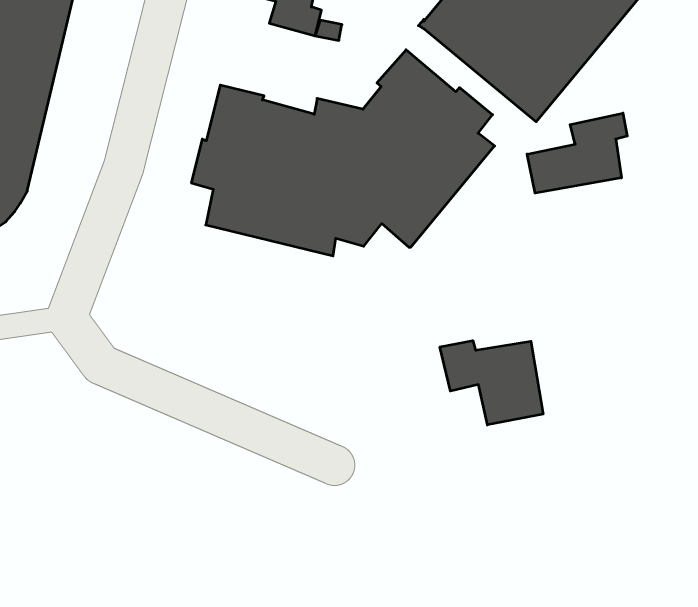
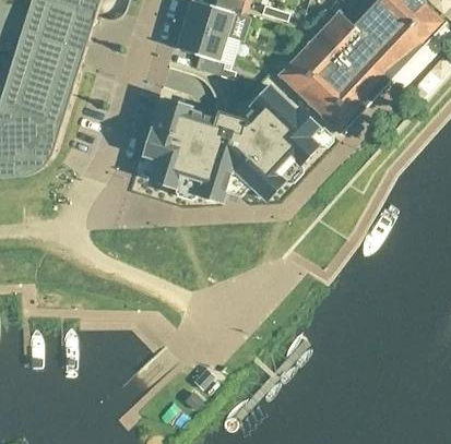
building: [527,113,627,193] -> none
building: [440,341,543,425] -> none

